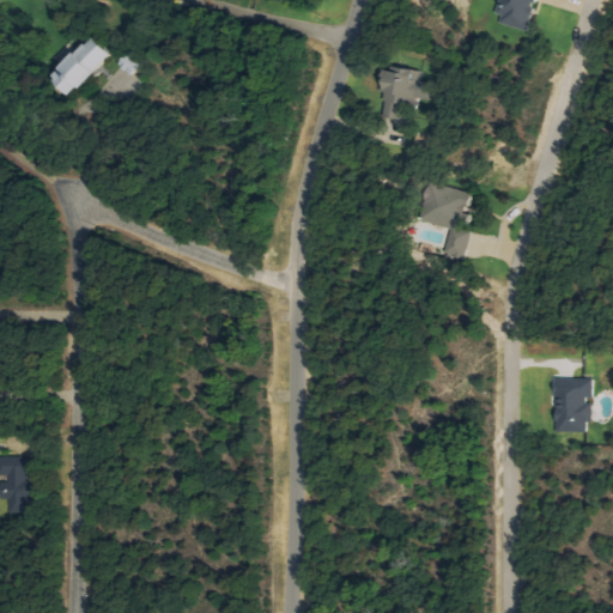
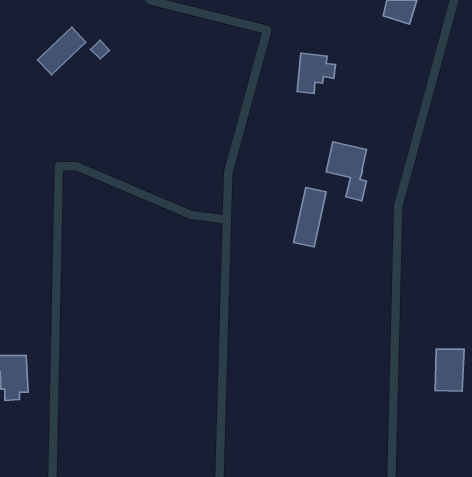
building: none -> [294,187,326,247]
building: [552,378,589,432] -> [435,349,464,391]

